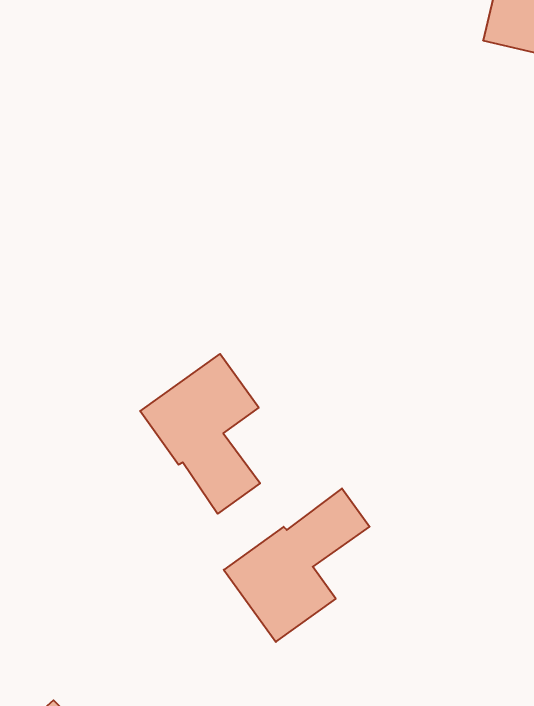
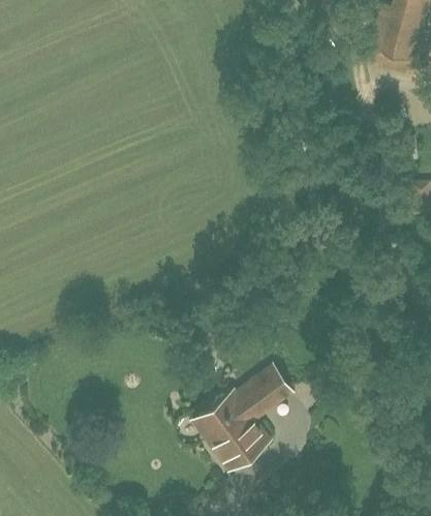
building: [140,354,260,514] -> none

